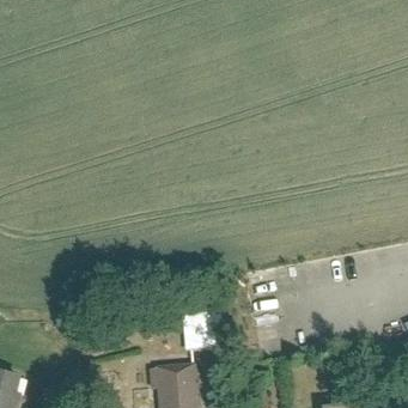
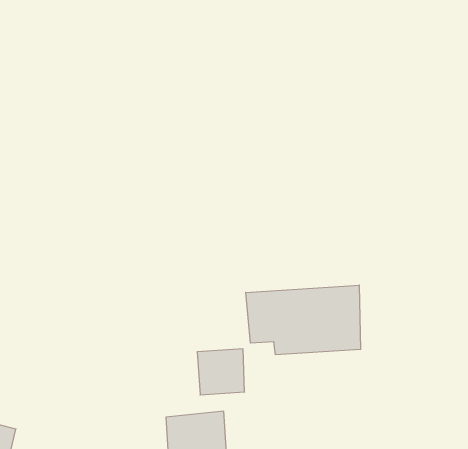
building: none -> [246,285,361,355]

